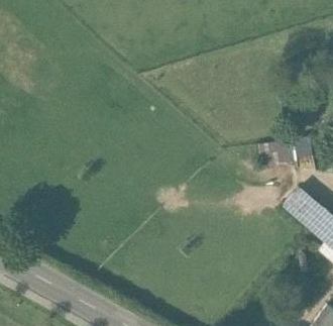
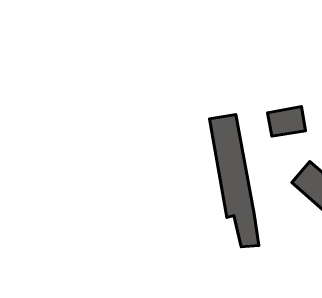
building: none -> [210,114,259,247]

